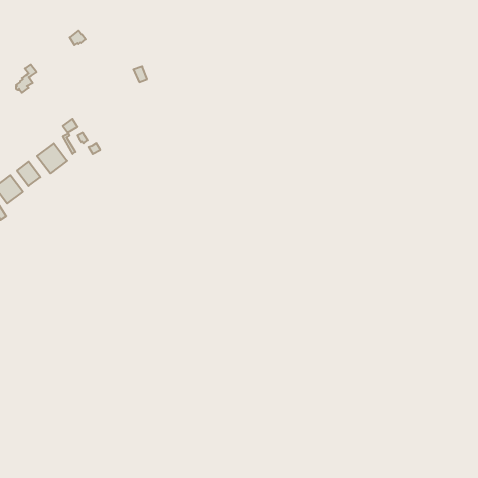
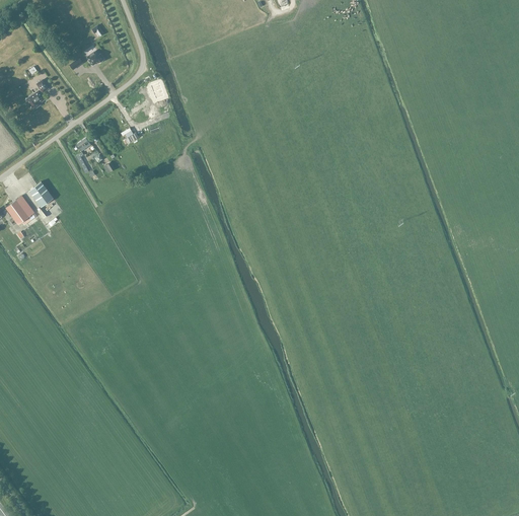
building: [37,143,67,173] -> none

